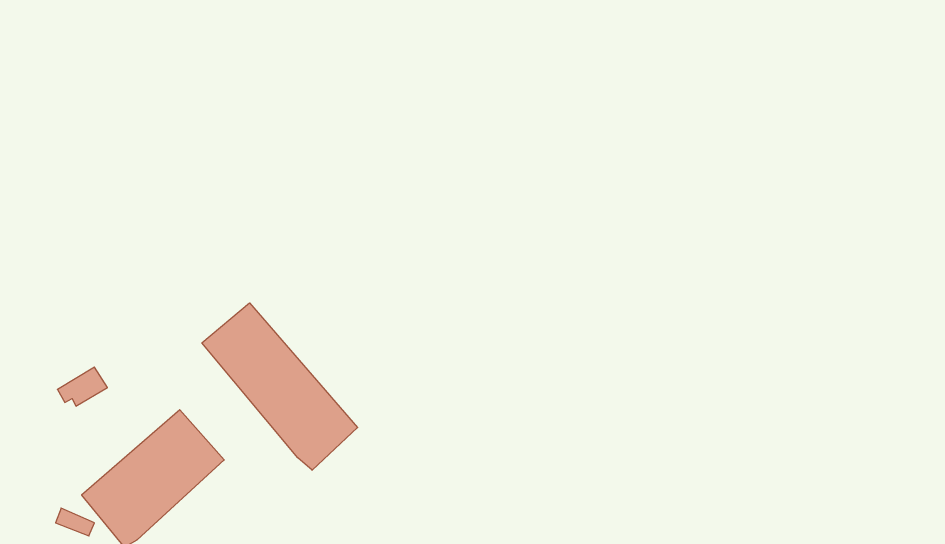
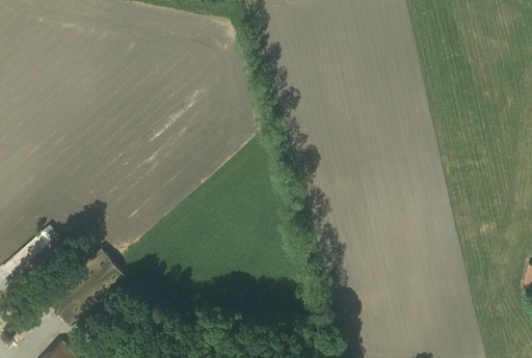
building: [202,303,358,470] -> none

